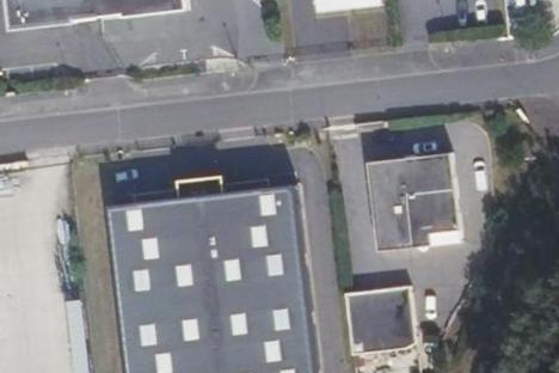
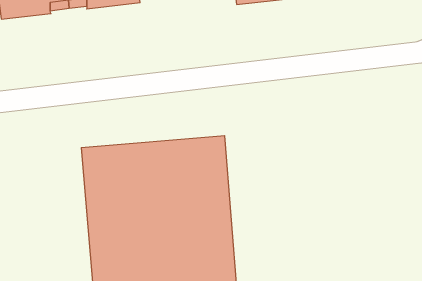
building: [362,153,455,252] -> none
building: [344,287,411,350] -> none

